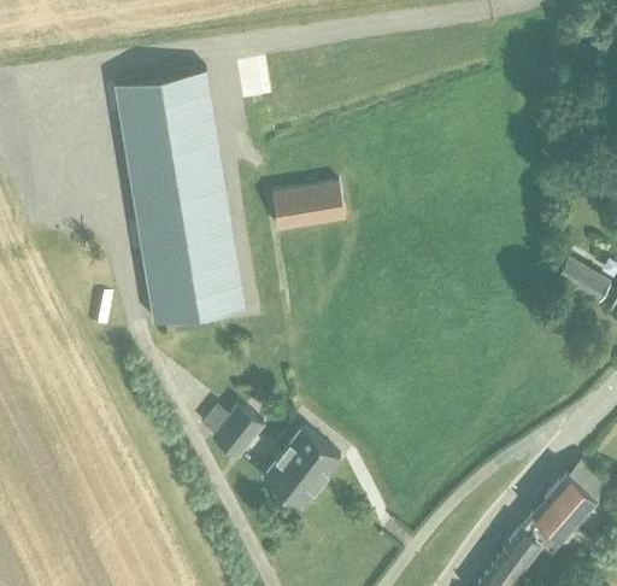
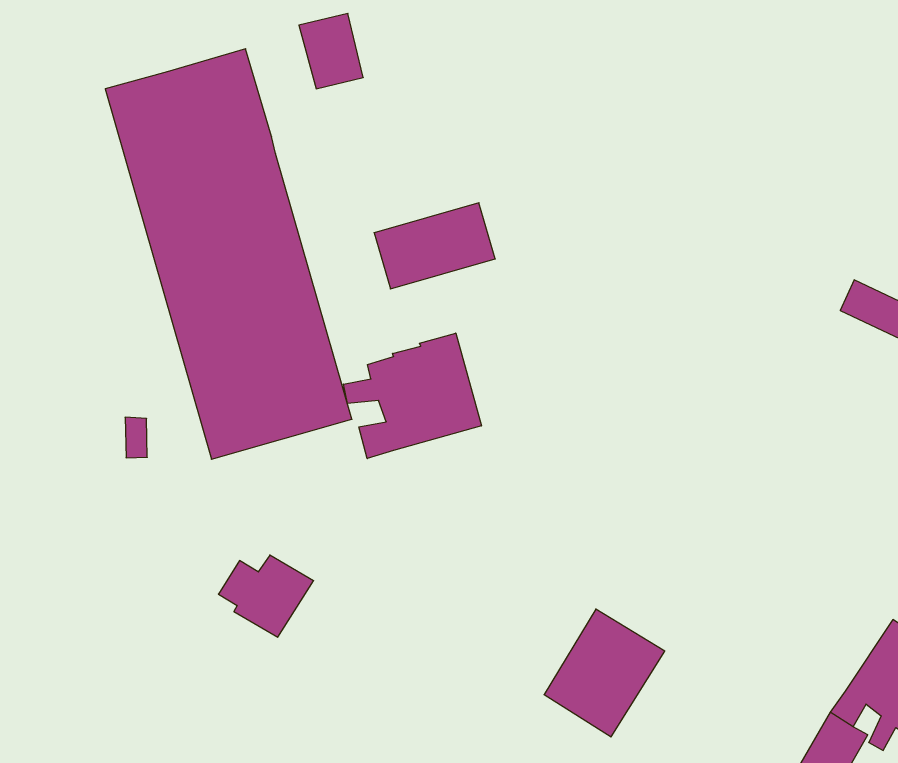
building: none -> [344,333,481,459]
building: [204,405,264,457] -> [218,555,314,637]
building: [263,427,341,508] -> [544,609,665,737]

